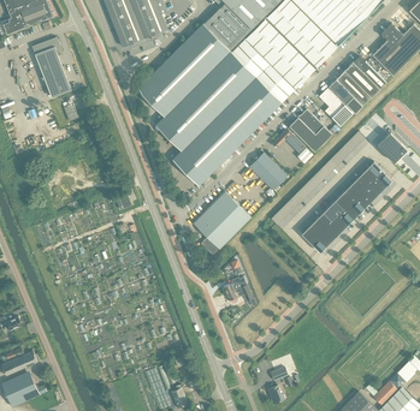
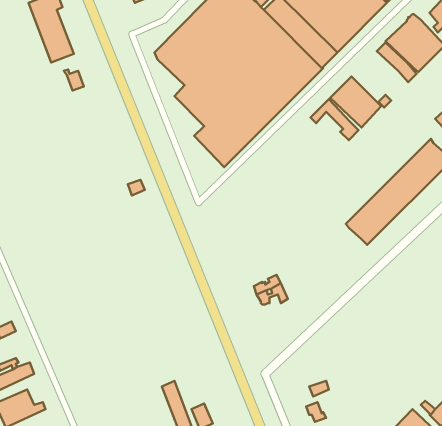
building: [318,88,353,125] -> none
building: [248,151,286,192] -> none
building: [193,190,250,254] -> none

